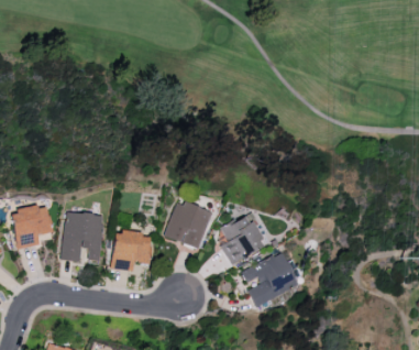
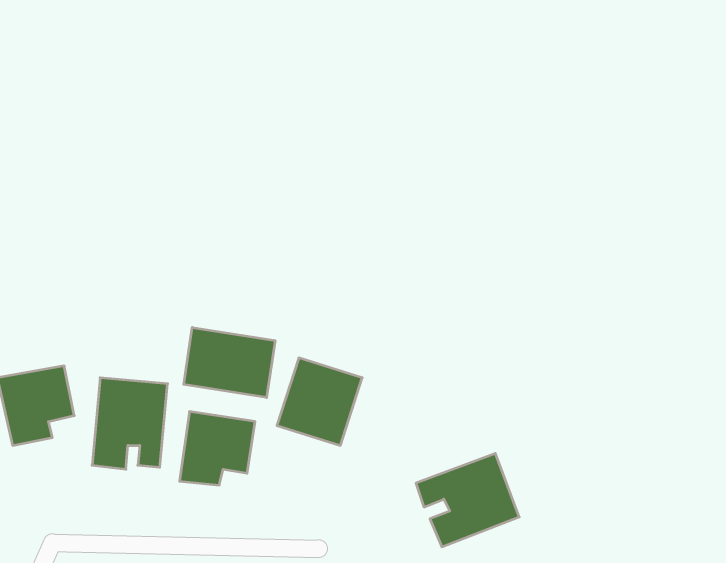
building: none -> [184,327,275,398]
building: [220,214,265,265] -> none

